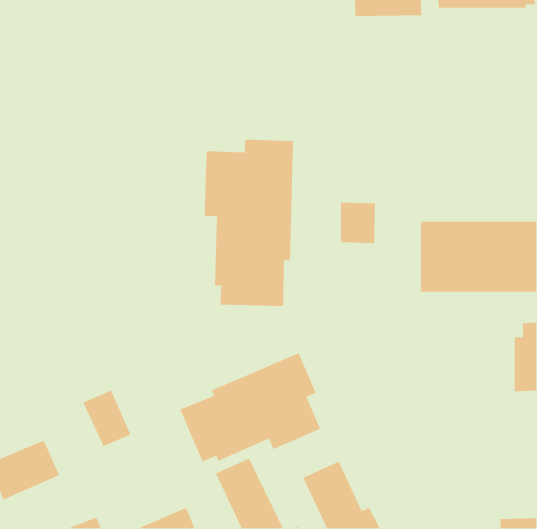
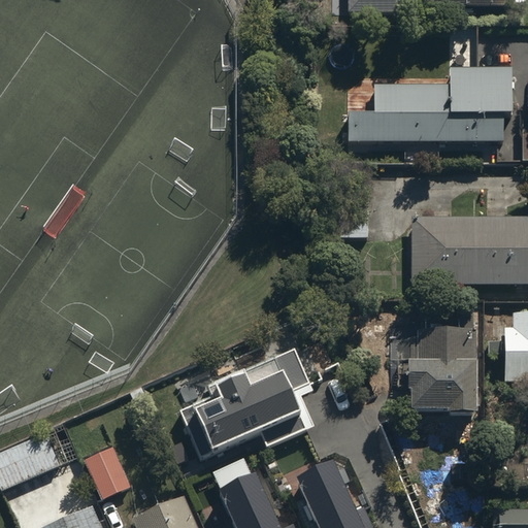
building: none -> [348,69,512,143]
building: [204,139,294,307] -> none
building: none -> [406,314,477,423]
building: [82,389,132,447] -> [82,443,131,500]

